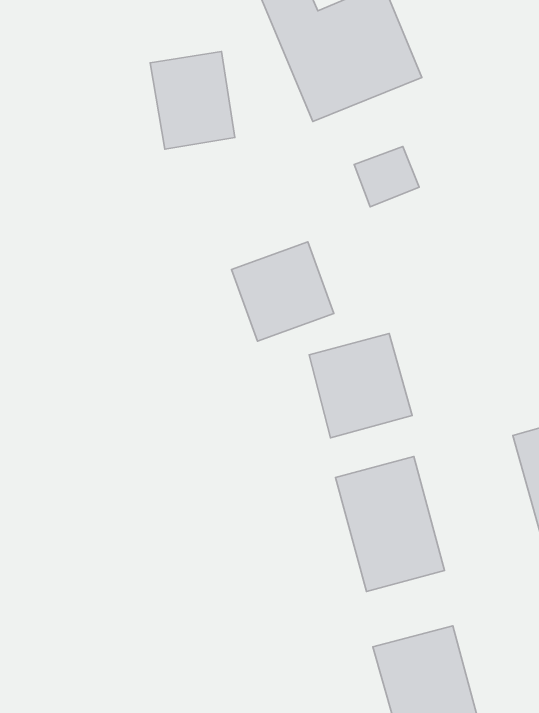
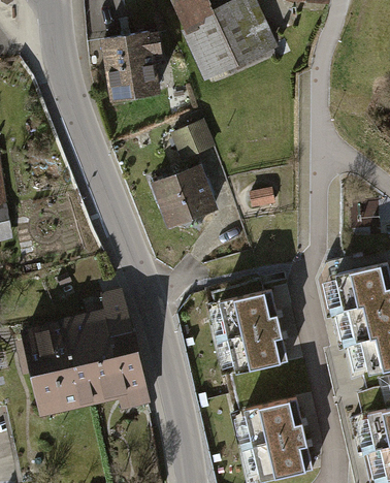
building: [354,147,419,207] -> [171,116,213,154]
building: [309,333,412,438] -> none
building: none -> [24,297,144,416]

